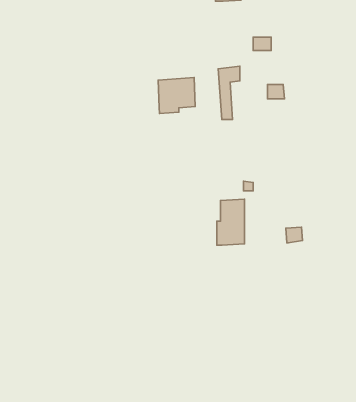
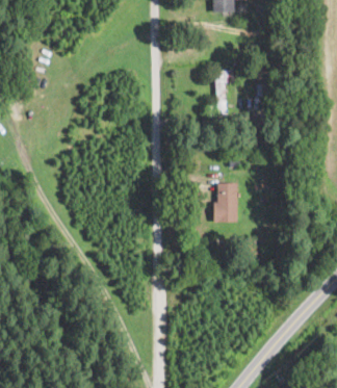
building: [158,78,195,113] -> none

